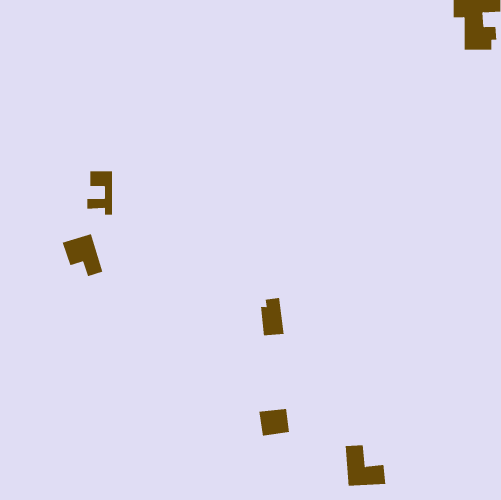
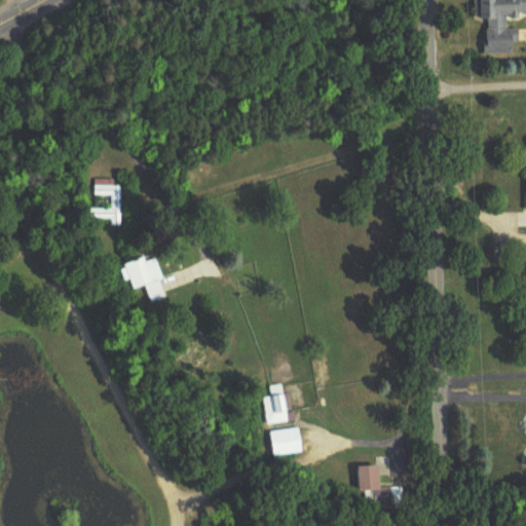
building: [62,233,103,277] -> [124,256,167,301]
building: [260,298,285,336] -> [263,384,289,424]

